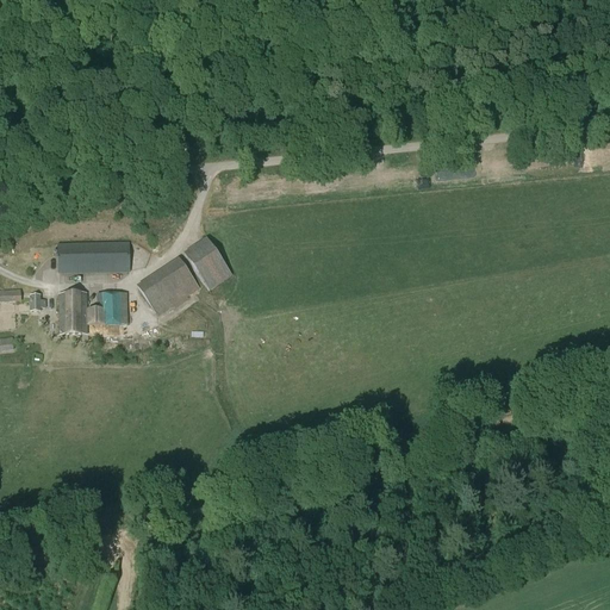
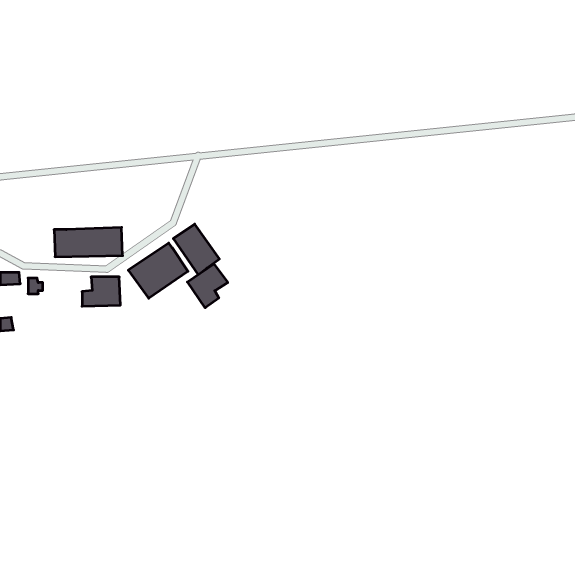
building: none -> [187,264,228,308]
building: [58,293,87,334] -> none

